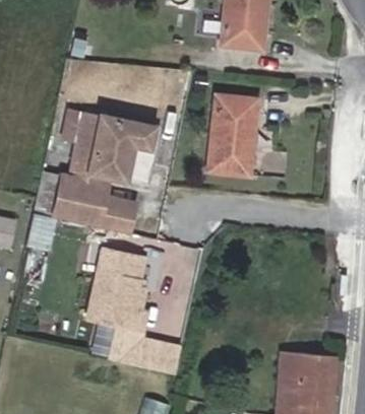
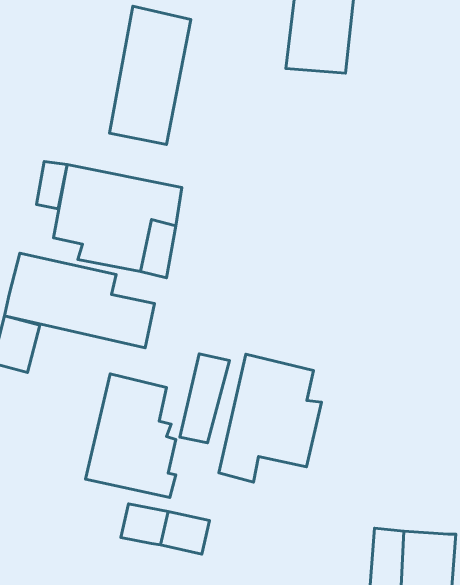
building: none -> [109,6,191,144]
building: [210,96,257,176] -> none
building: none -> [180,354,230,443]
building: none -> [219,354,322,482]

